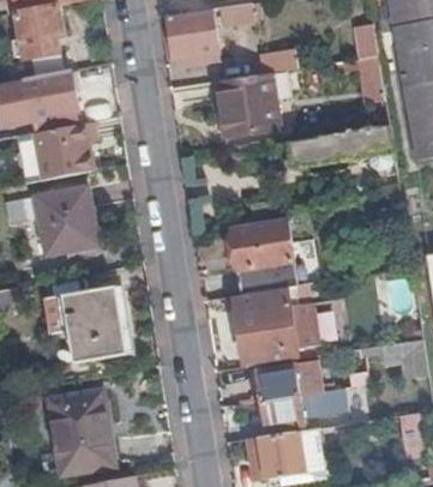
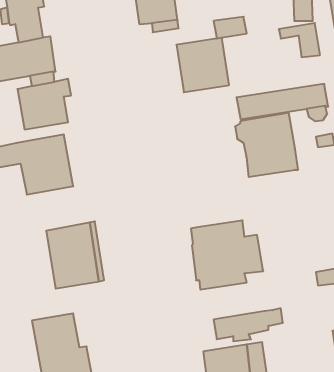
building: [224,221,297,295] -> [235,113,298,177]
building: [255,362,319,402] -> none

